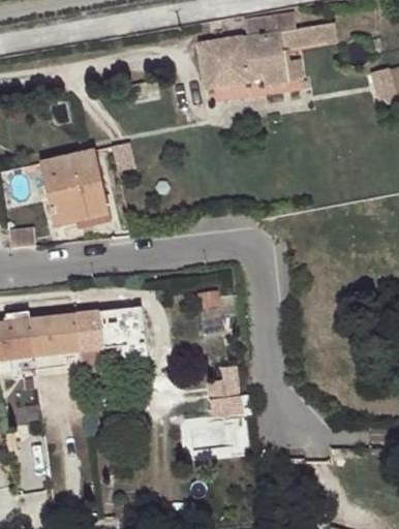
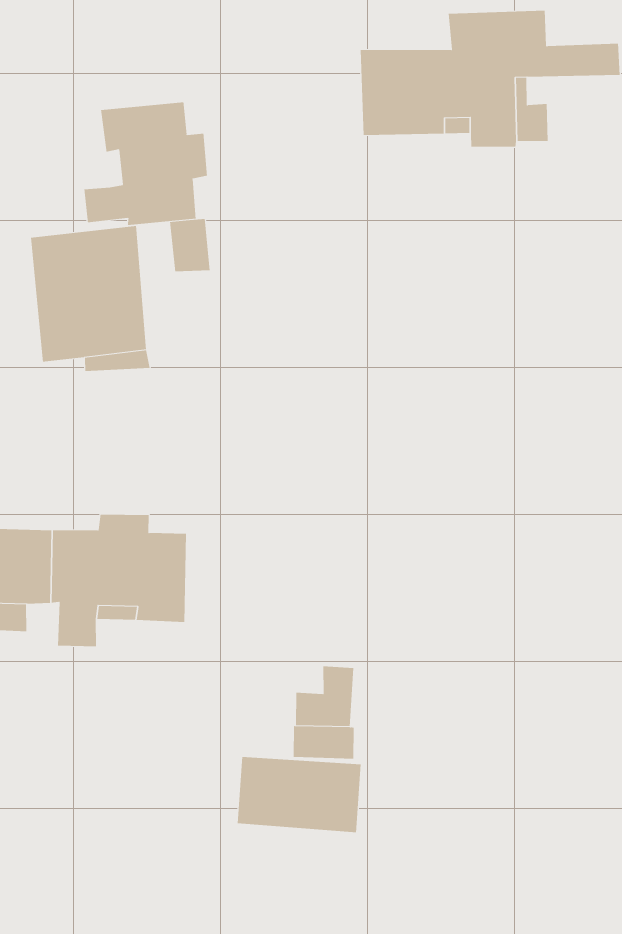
building: none -> [84,102,208,226]

